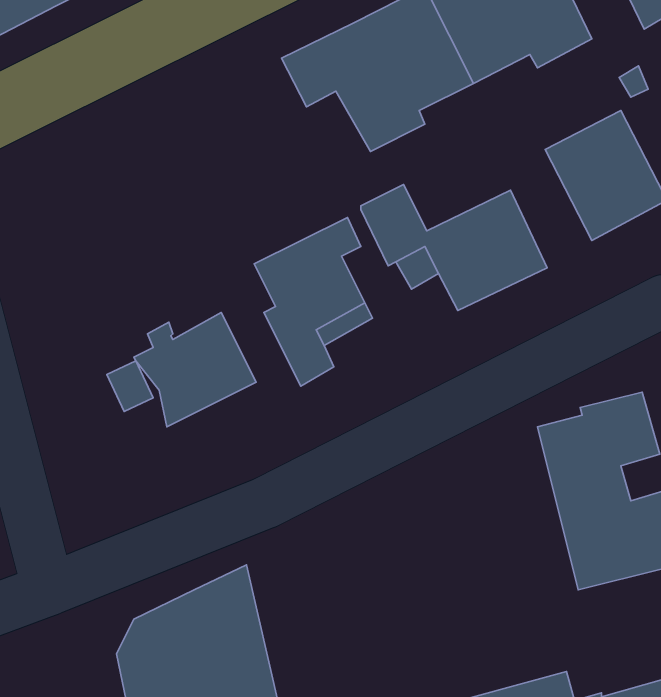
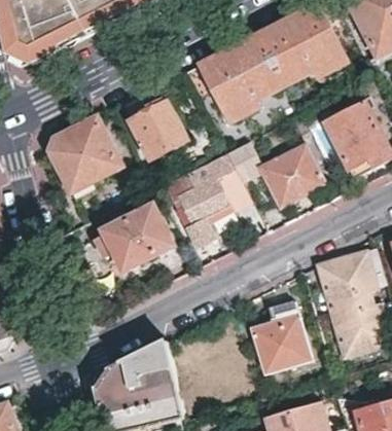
building: none -> [131,97,187,156]
building: none -> [49,115,122,189]
building: none -> [247,298,307,371]

